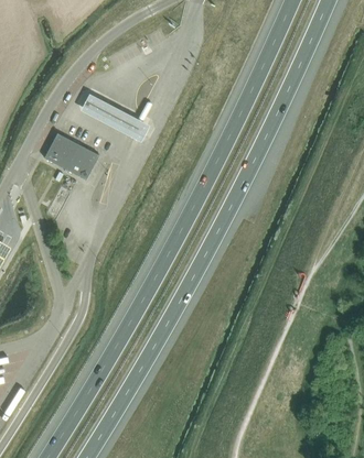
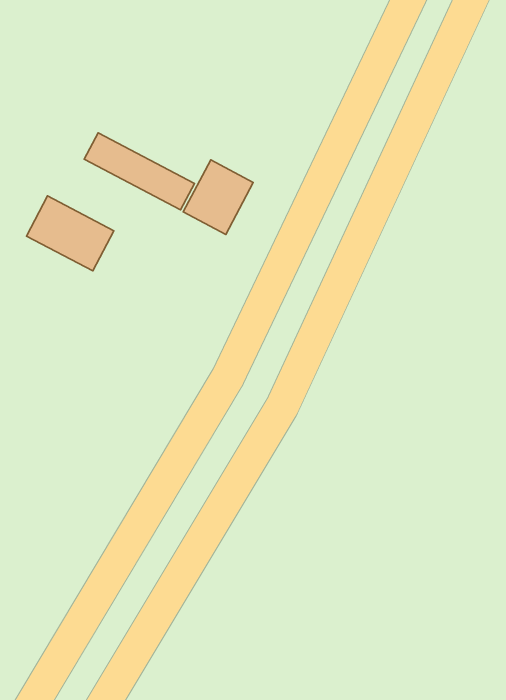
building: none -> [183,160,253,234]

